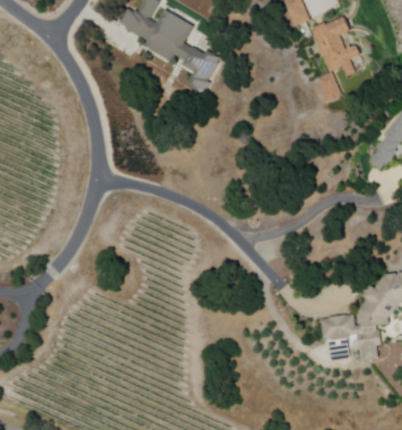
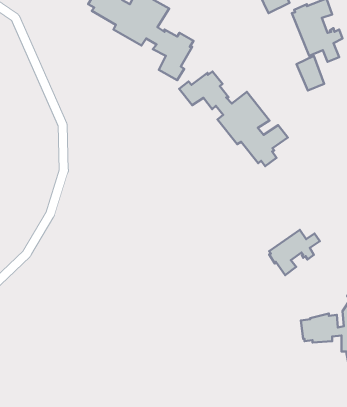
building: none -> [179,71,288,166]
building: none -> [269,230,320,275]

